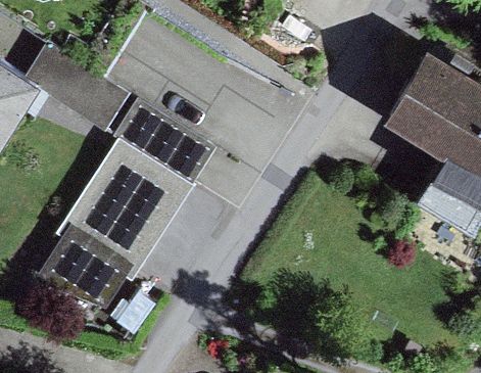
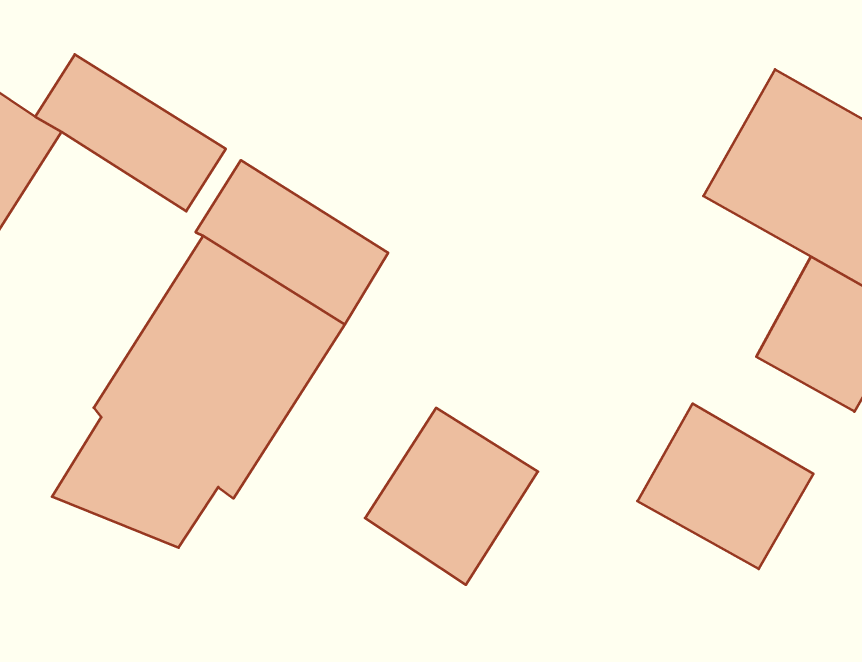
building: none -> [637,404,813,569]
building: none -> [365,408,538,585]

